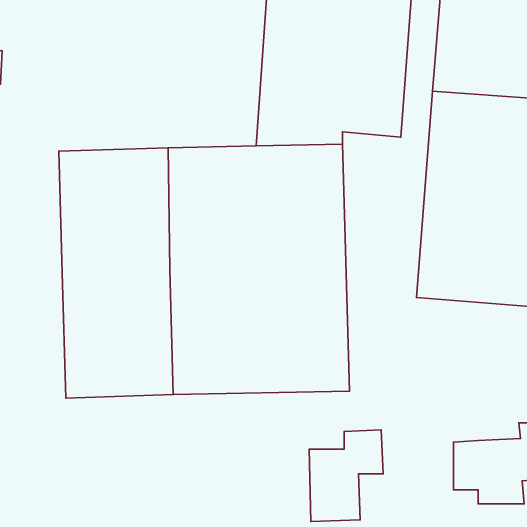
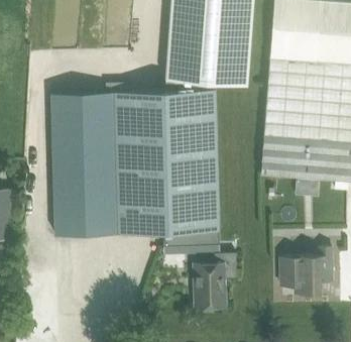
building: none -> [163,233,220,254]

